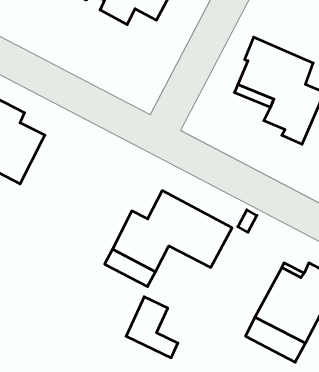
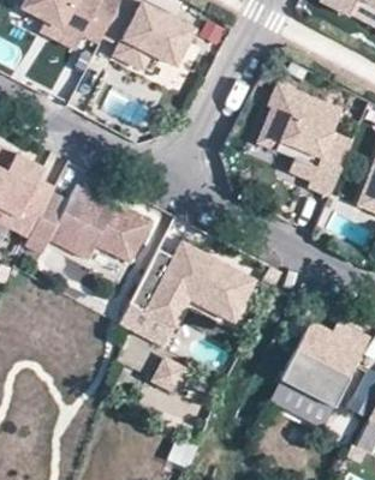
building: none -> [25,184,153,263]

